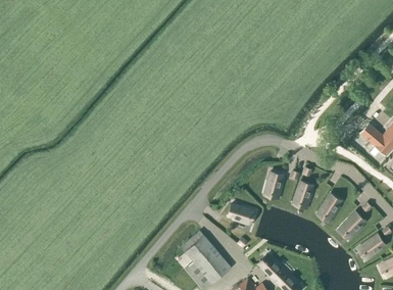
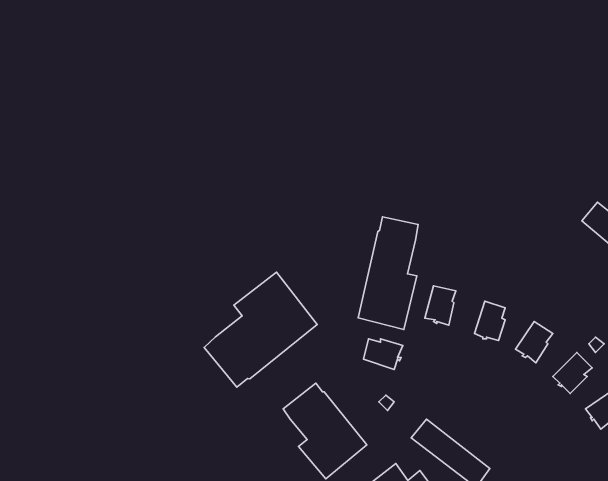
building: none -> [358,217,418,329]
building: none -> [204,272,317,387]

